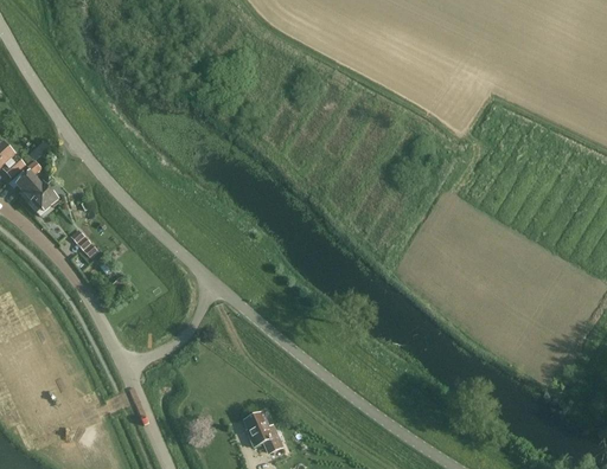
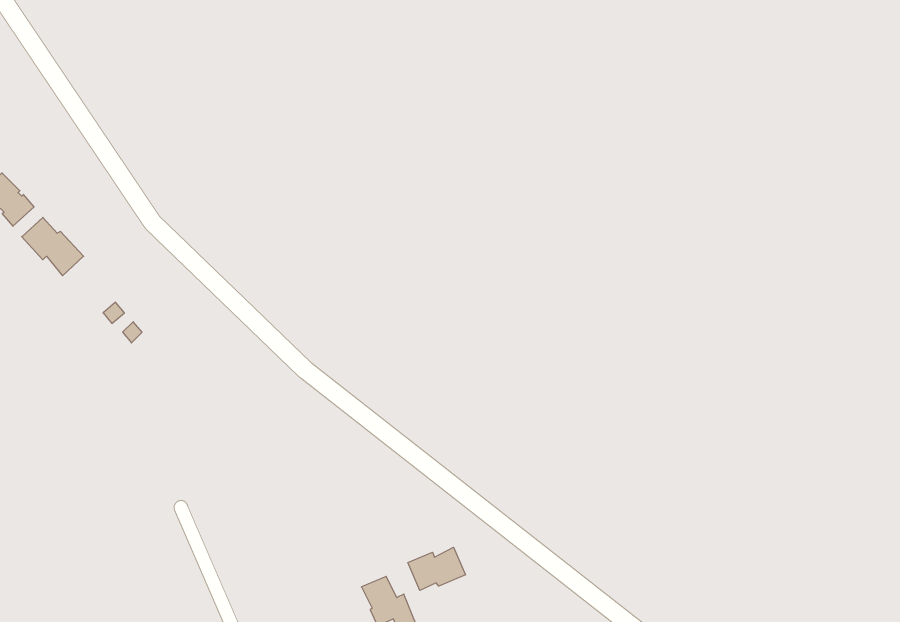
building: none -> [408,547,465,590]

